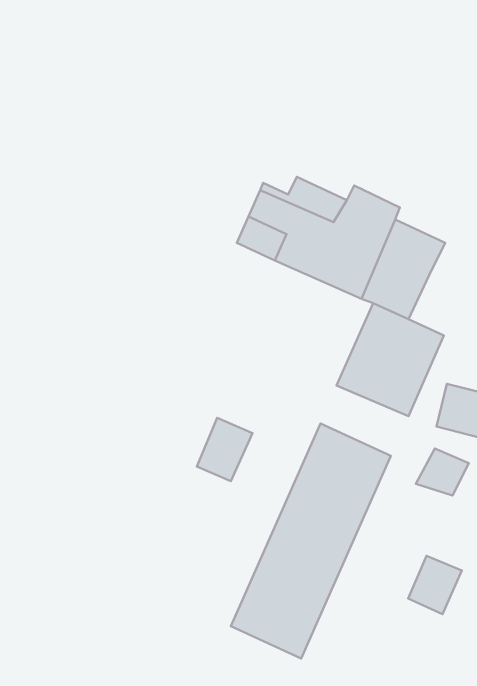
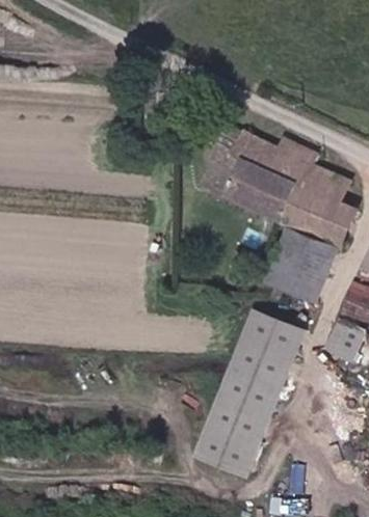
building: none -> [319,202,361,246]
building: [197,418,252,481] -> none
building: [408,556,462,614] -> none

